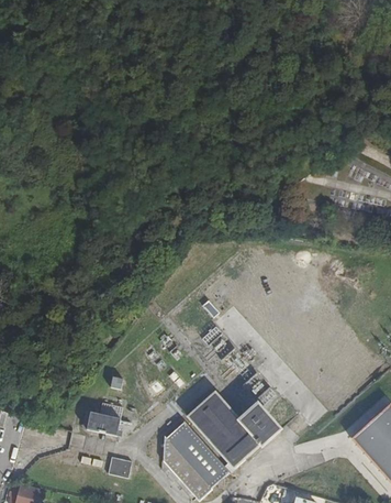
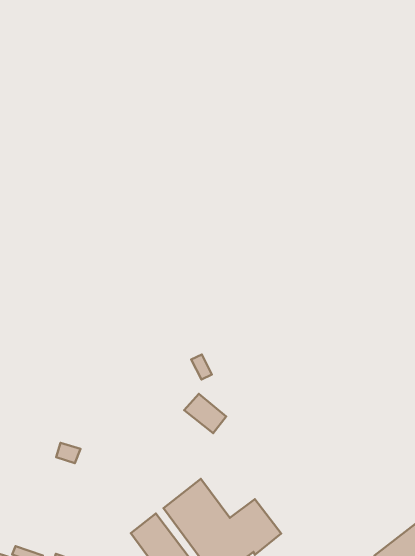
building: [86,413,122,438] -> none

